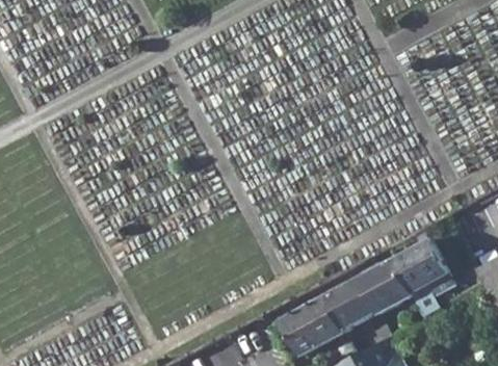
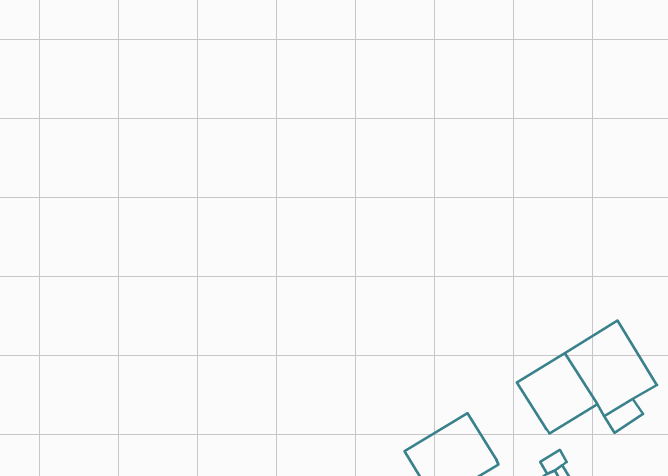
building: [323,279,375,330] -> none

